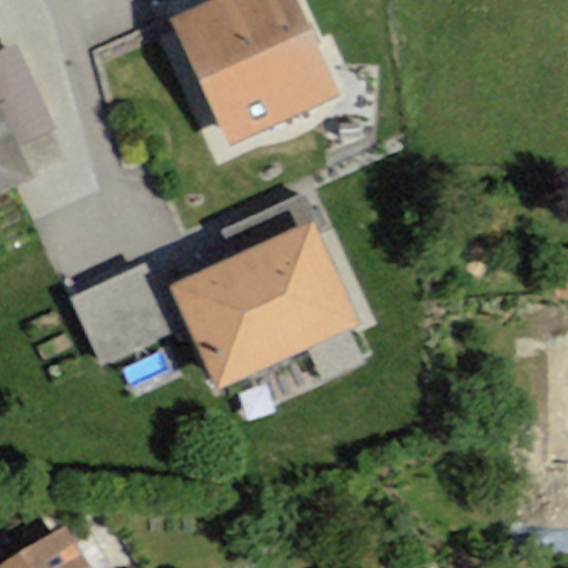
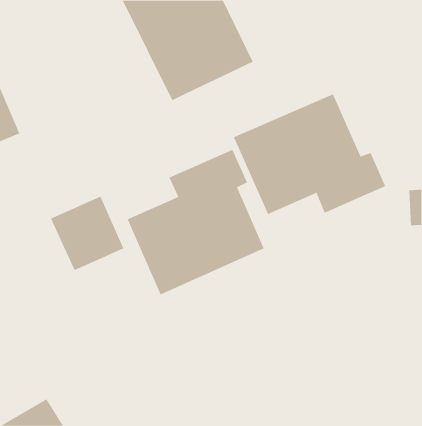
building: none -> [233,94,386,215]

